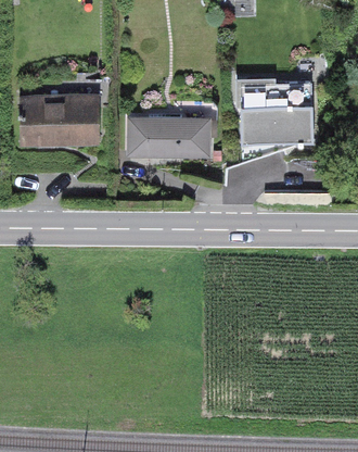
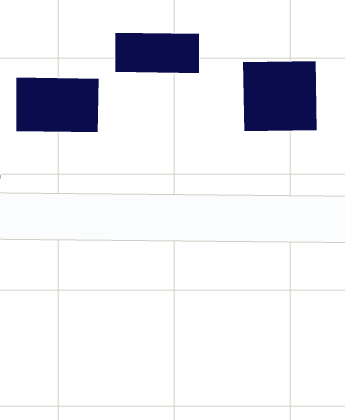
building: [127,116,210,156] -> [115,33,200,73]

